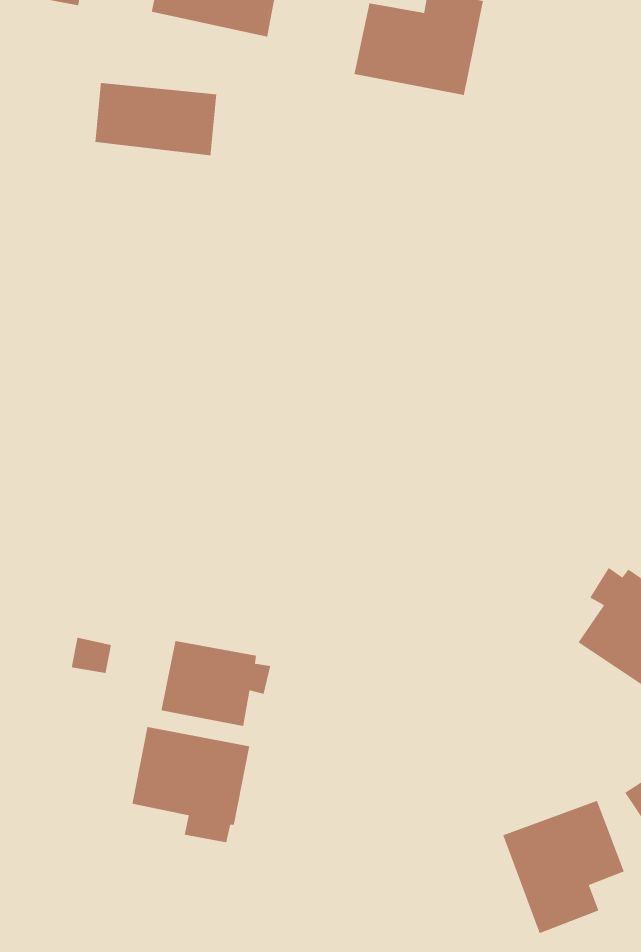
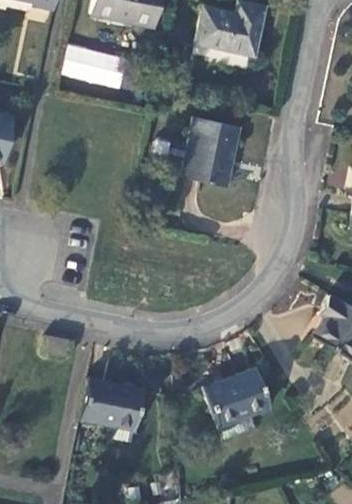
building: none -> [184,120,240,189]
building: [161,640,271,727] -> none
building: [502,800,625,934] -> [206,372,269,441]

